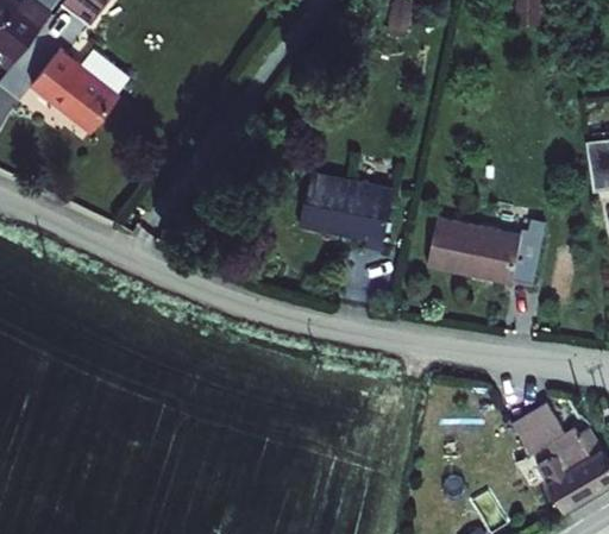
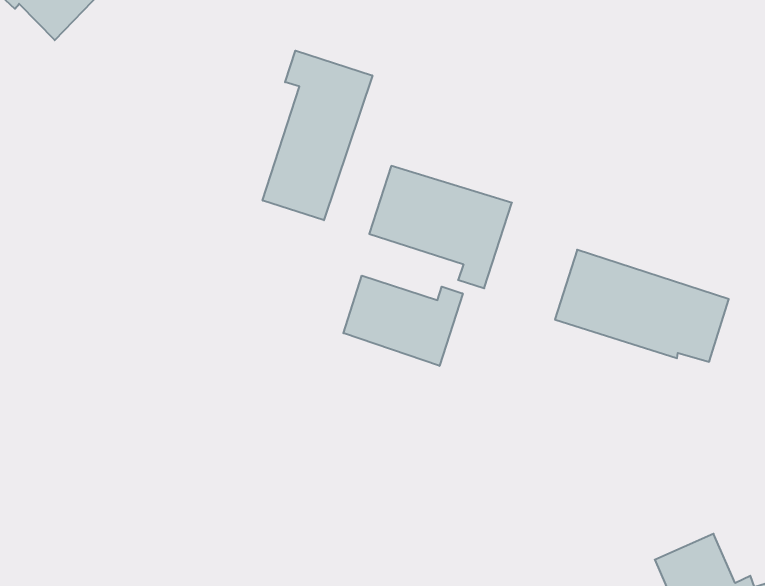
building: none -> [263,51,372,220]
building: none -> [343,276,463,366]

